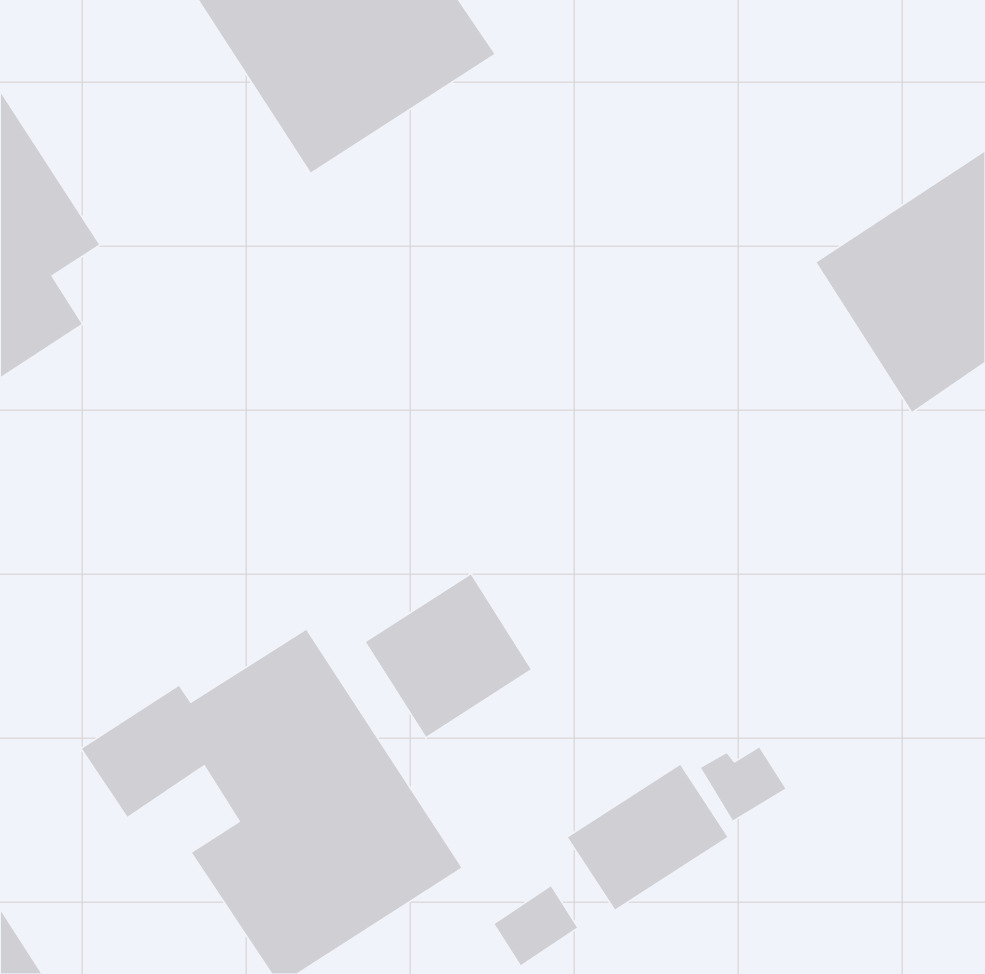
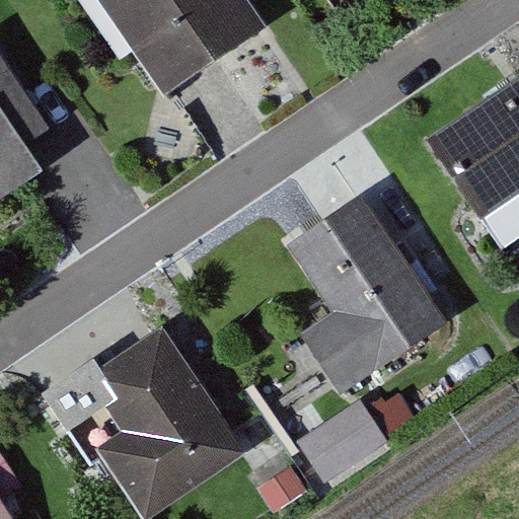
building: none -> [290,199,446,391]
building: [365,573,532,738] -> none

